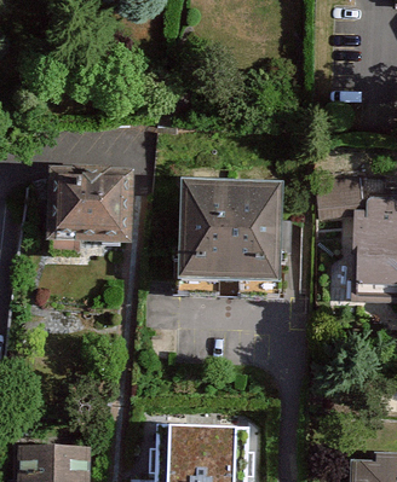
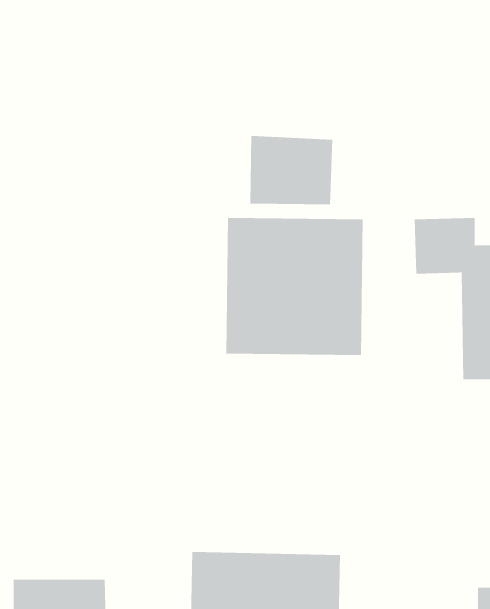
building: none -> [250,135,333,205]
building: [47,164,125,237] -> none

